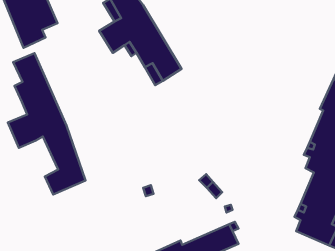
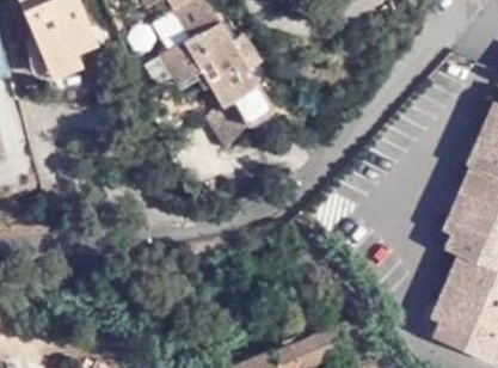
building: [8,53,86,194] -> none

